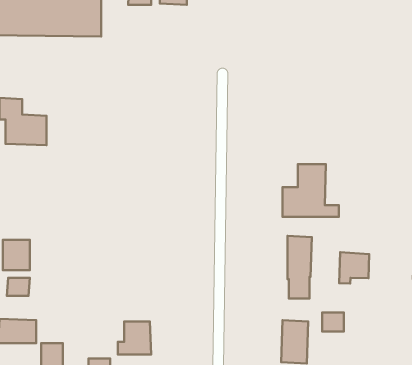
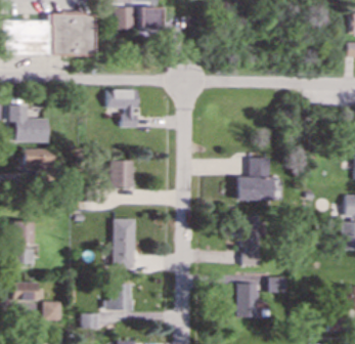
building: none -> [109,90,138,127]
building: none -> [23,148,61,172]
building: none -> [112,160,133,187]
building: none -> [114,218,136,268]
building: [339,252,369,284] -> none

